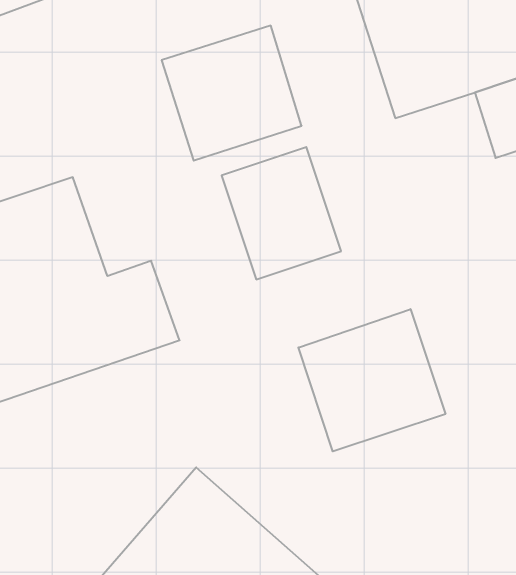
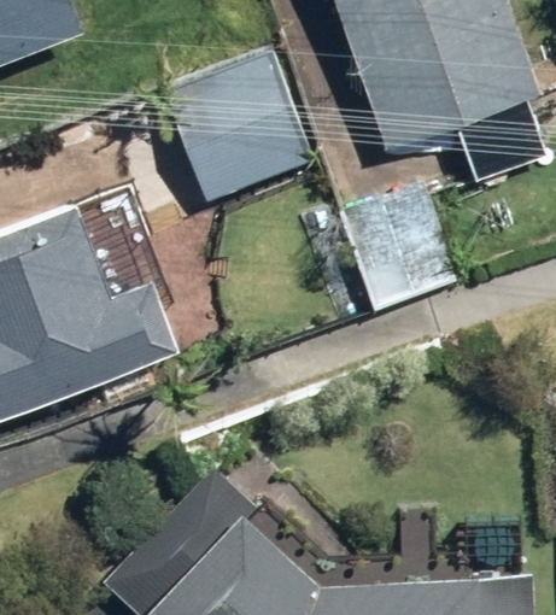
building: [222,147,341,279] -> [340,184,452,309]
building: [298,309,445,451] -> none

